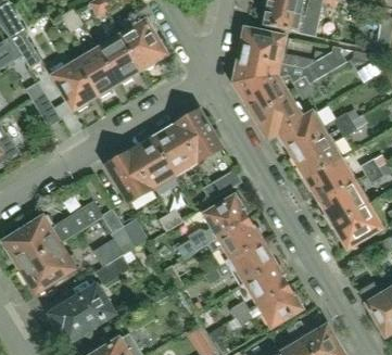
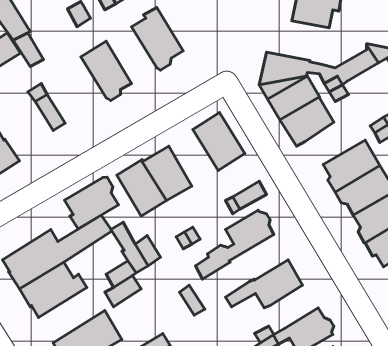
building: [241,29,318,68] -> none
building: [97,31,142,84] -> none
building: [50,59,97,111] -> none
building: [276,110,330,155] -> none
building: [153,124,198,175] -> none
building: none -> [64,177,119,229]
building: [207,218,262,261] -> none
building: [244,264,288,303] -> none

